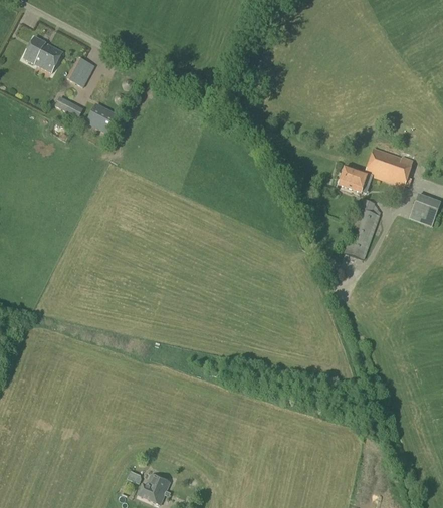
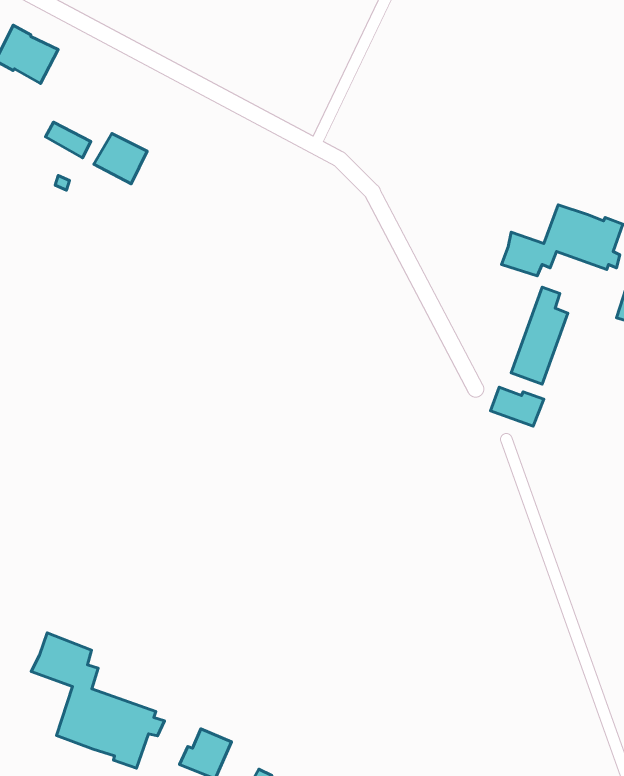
building: [67,58,95,86] -> none
building: none -> [490,387,544,426]
building: none -> [31,633,164,768]

